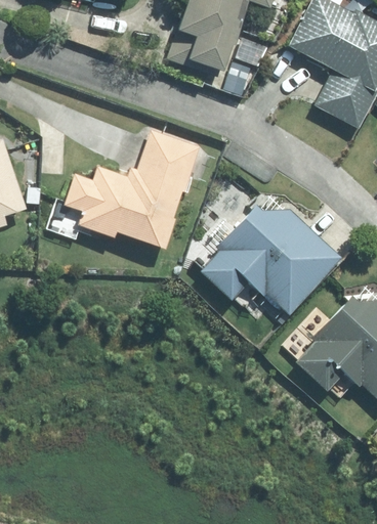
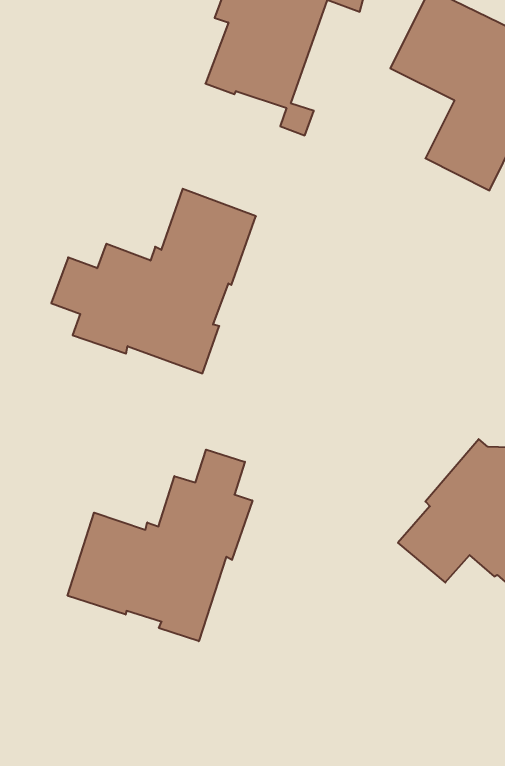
building: [200,209,341,314] -> none
building: none -> [68,450,252,641]

